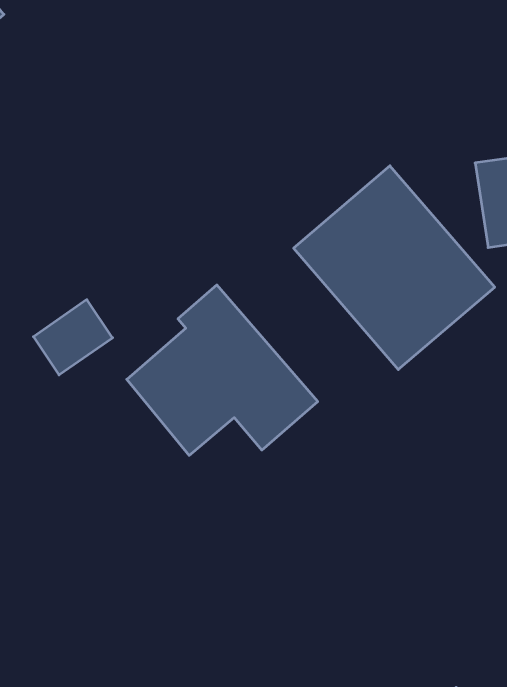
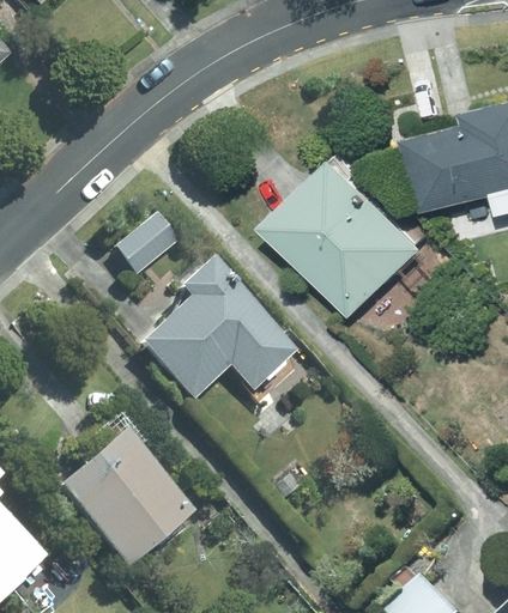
building: [33,300,113,375] -> [114,210,180,274]
building: none -> [54,426,194,566]

